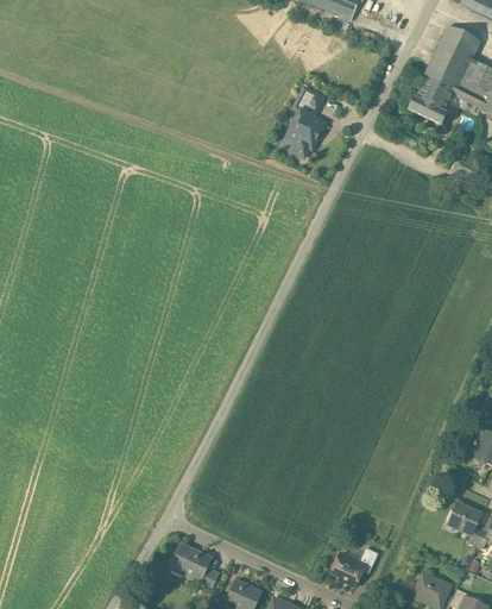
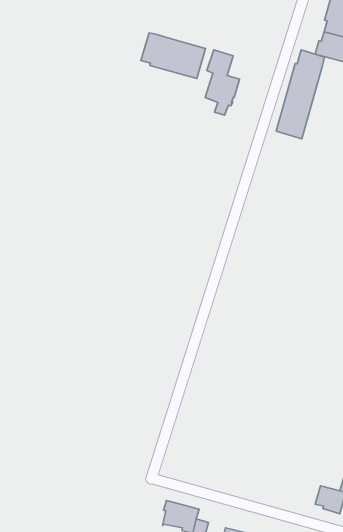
building: none -> [141,33,206,79]
building: none -> [276,50,325,139]

